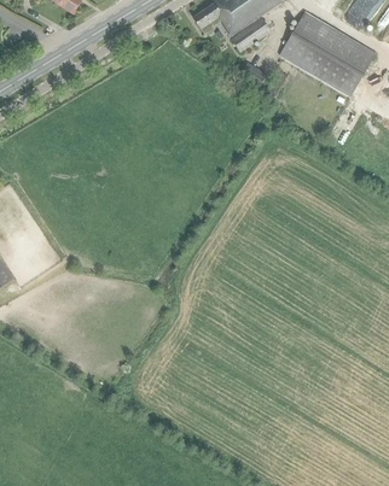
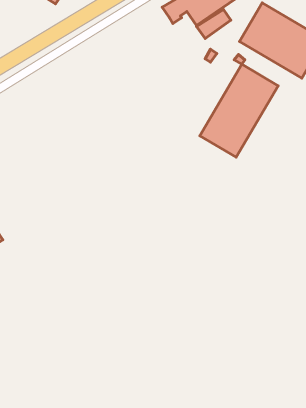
building: none -> [200,64,278,157]

